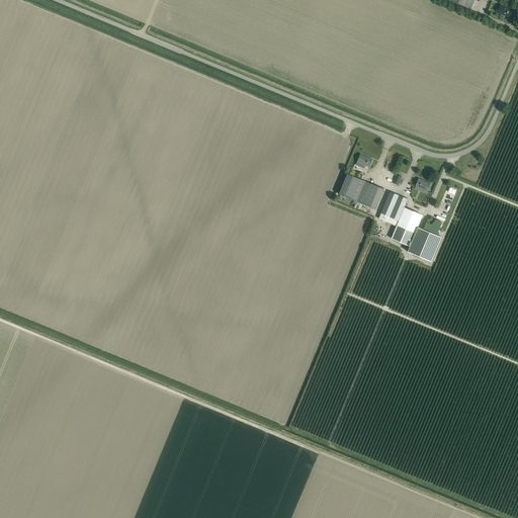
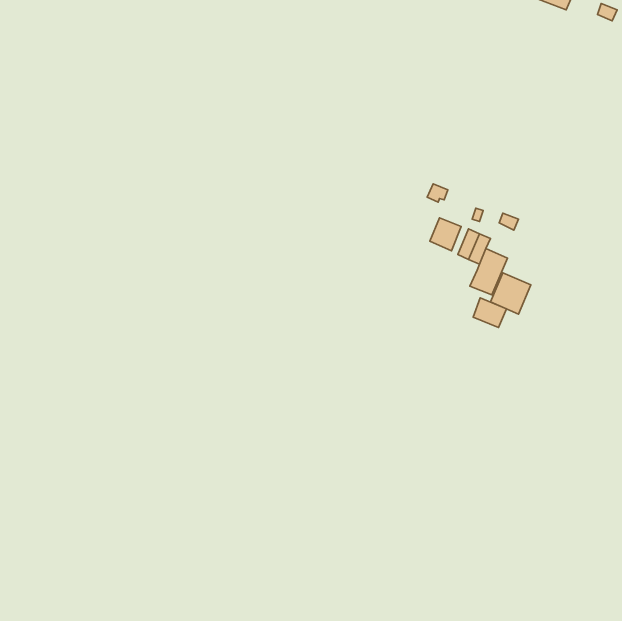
building: [339,173,365,203] -> none
building: none -> [473,298,506,327]

